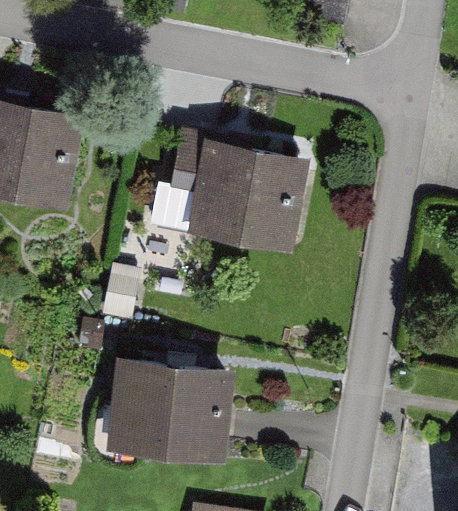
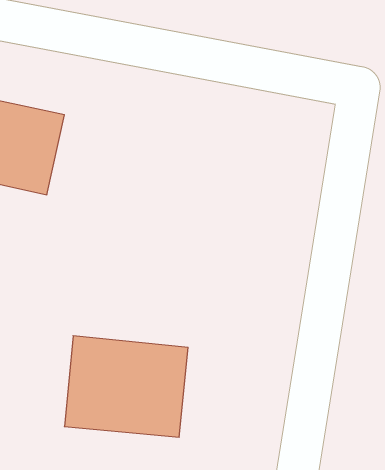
building: [187,141,310,254] -> none

